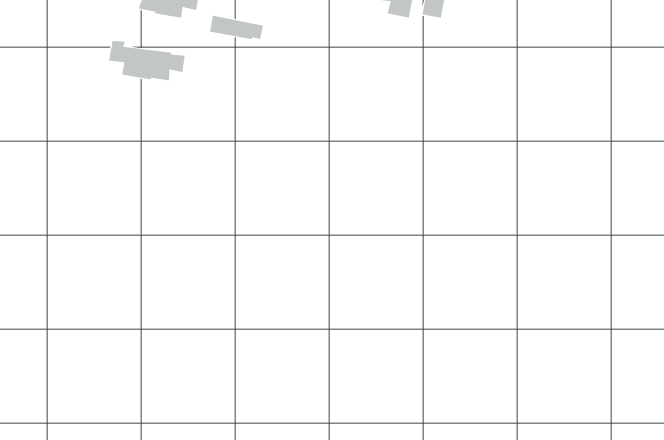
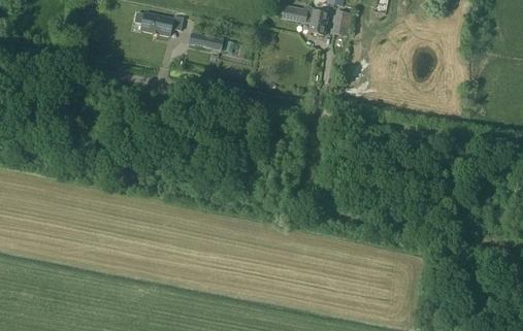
building: [109,40,185,81] -> none

